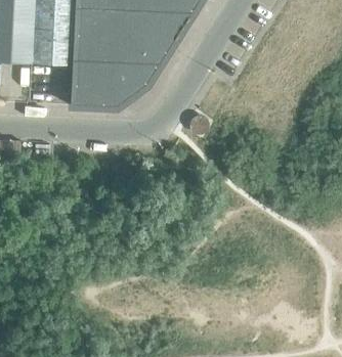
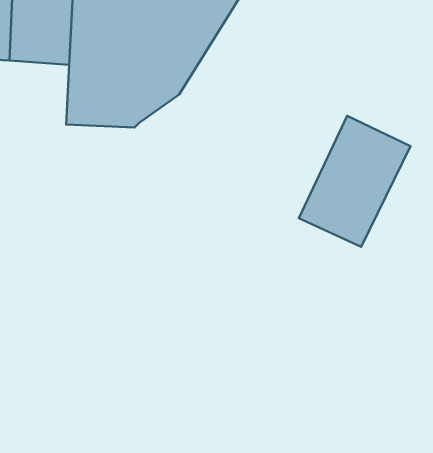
building: none -> [299,116,411,247]

